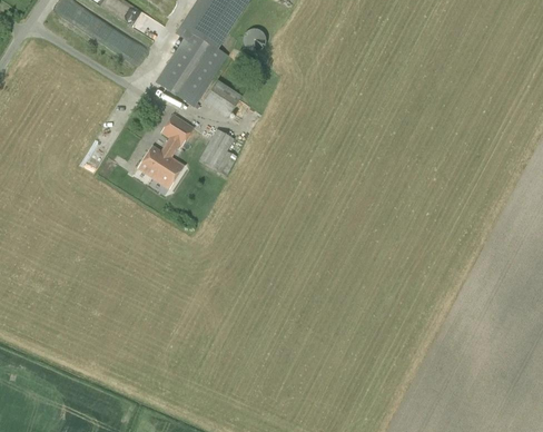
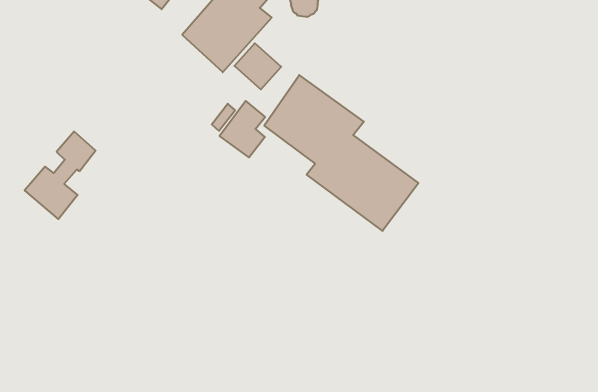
building: none -> [264,75,418,231]
building: [139,114,194,188] -> [25,132,96,219]

